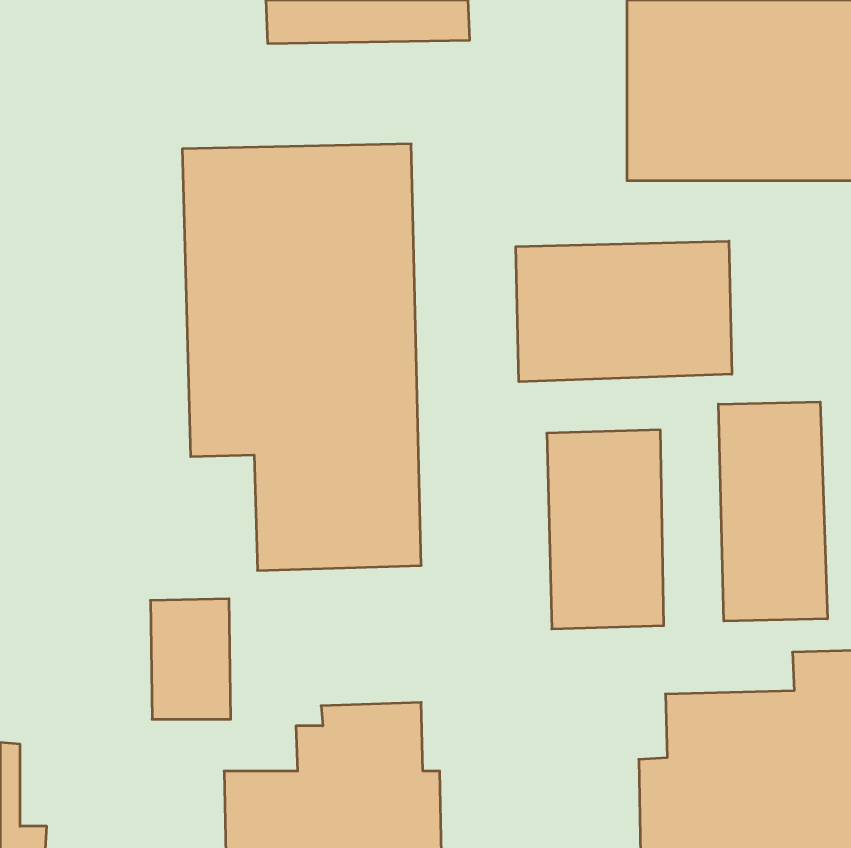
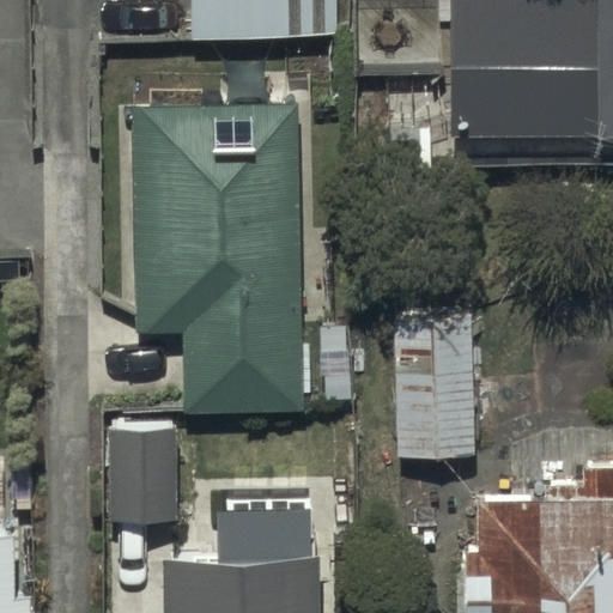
building: [516,241,732,382] -> none
building: [718,402,827,621] -> none

